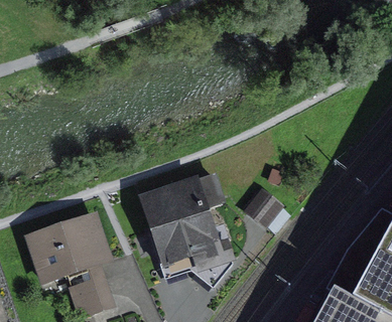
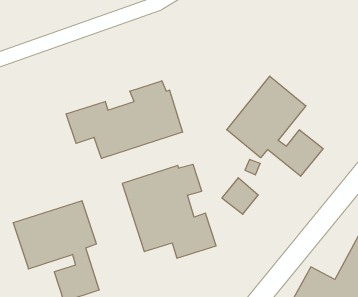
building: none -> [227,76,323,176]
building: none -> [66,81,183,158]

